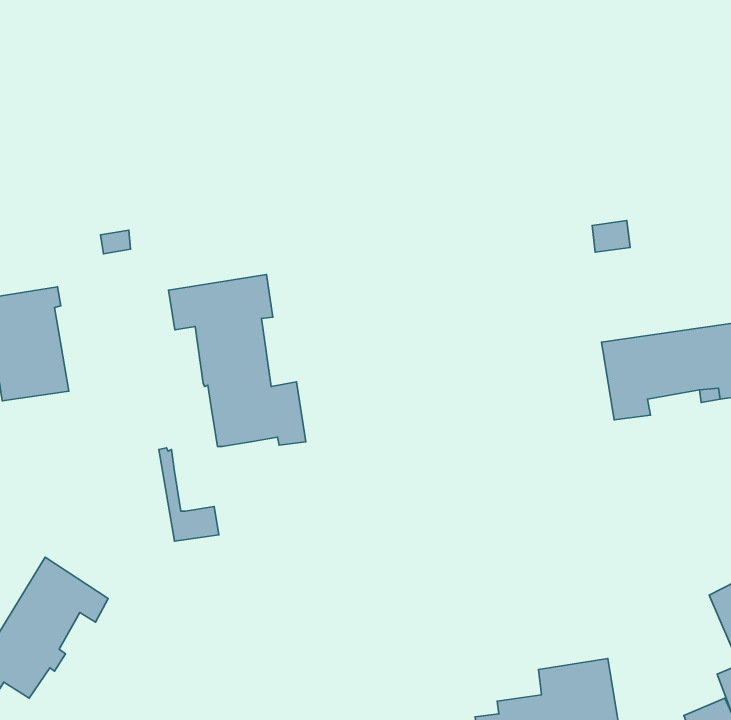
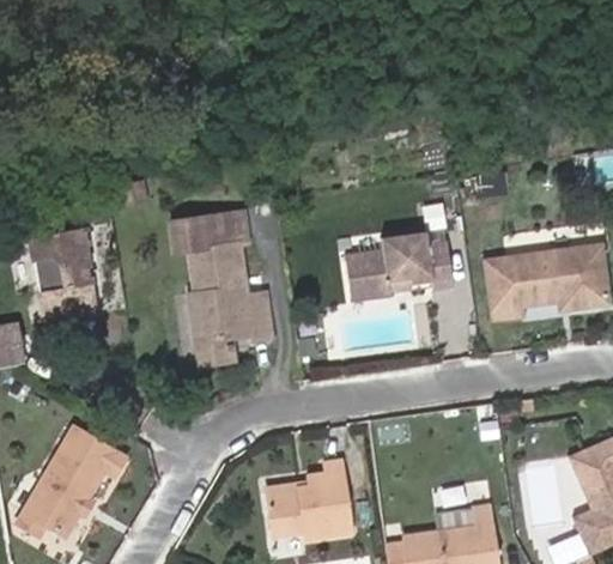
building: none -> [353,228,459,299]
building: [159,448,219,541] -> [184,296,230,366]
building: none -> [273,459,362,538]

